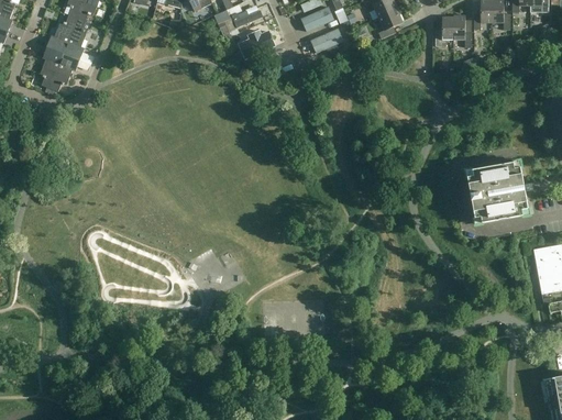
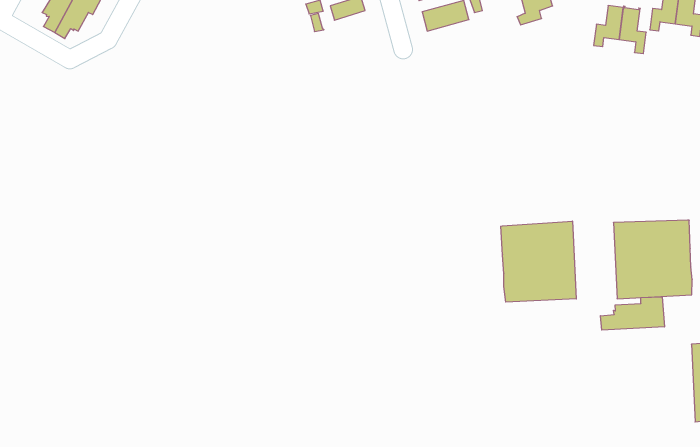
building: none -> [501,221,576,302]
building: none -> [600,297,664,330]

